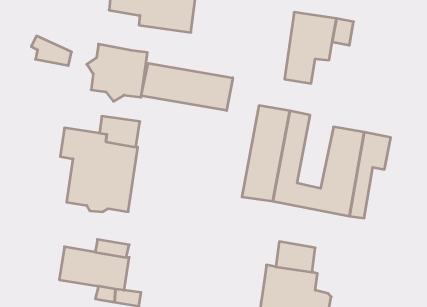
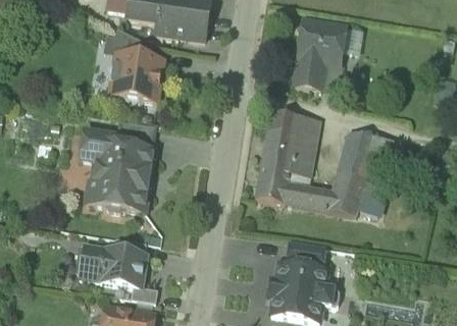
building: [31,36,72,66] -> [112,29,151,57]
building: [141,63,233,111] -> none

